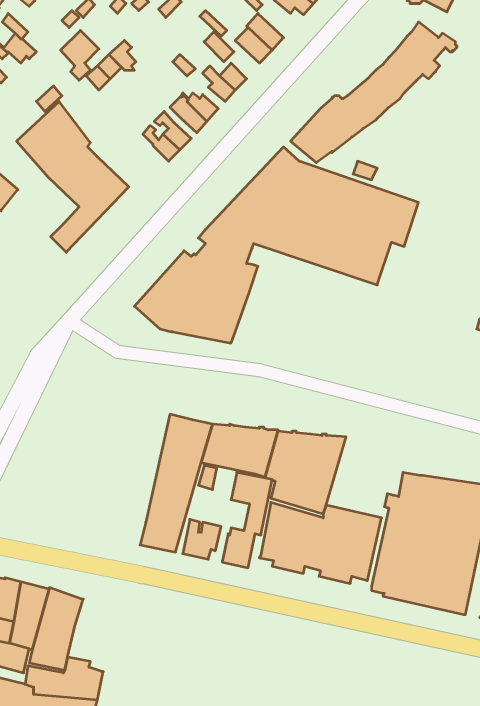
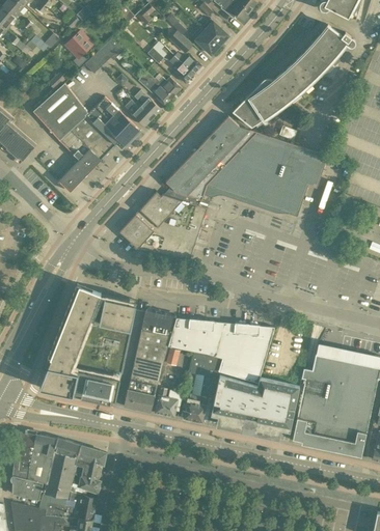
building: none -> [92,104,140,150]
building: none -> [39,284,137,404]
building: none -> [76,446,106,493]

